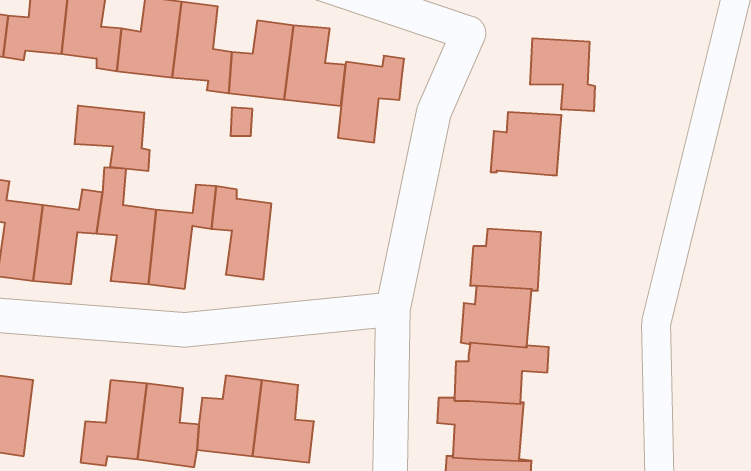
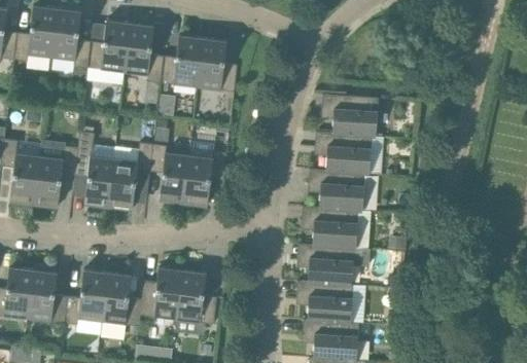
building: [530,38,595,111] -> none
building: [338,56,404,142] -> [184,151,227,208]
building: [75,105,150,171] -> none
building: none -> [326,134,373,175]
building: none -> [28,270,68,324]

